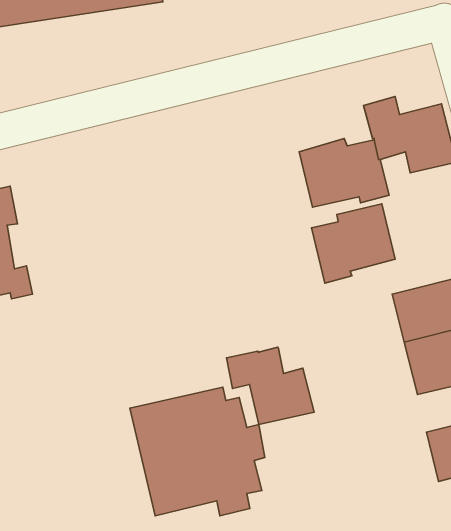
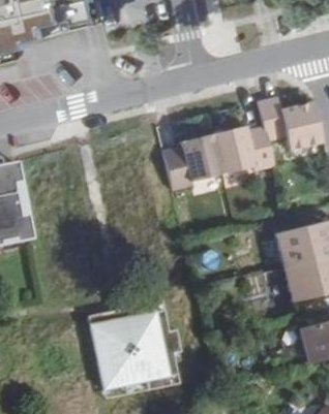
building: [311,204,395,283] -> [160,137,218,192]
building: [226,347,314,425] -> none

